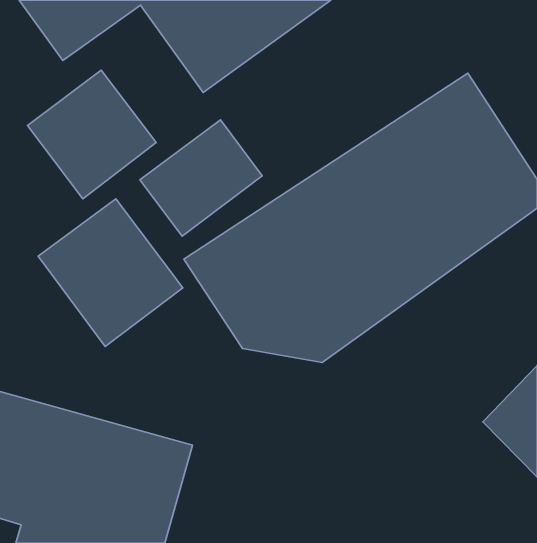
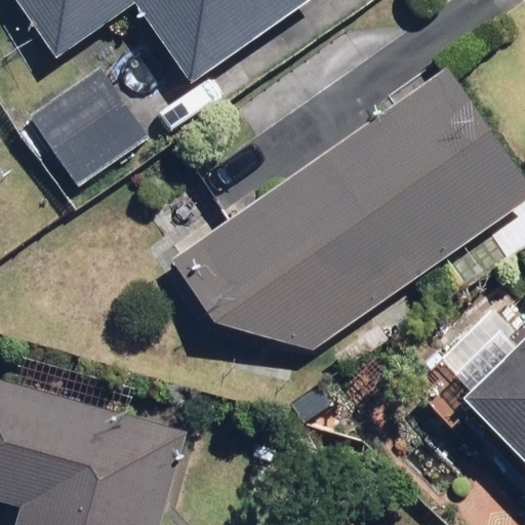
building: [140,120,262,236] -> none
building: [38,199,183,347] -> none

